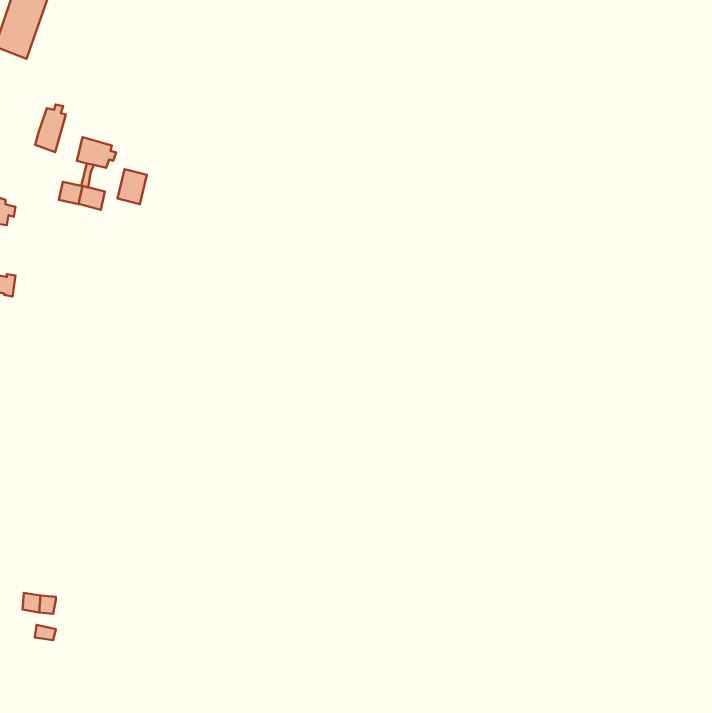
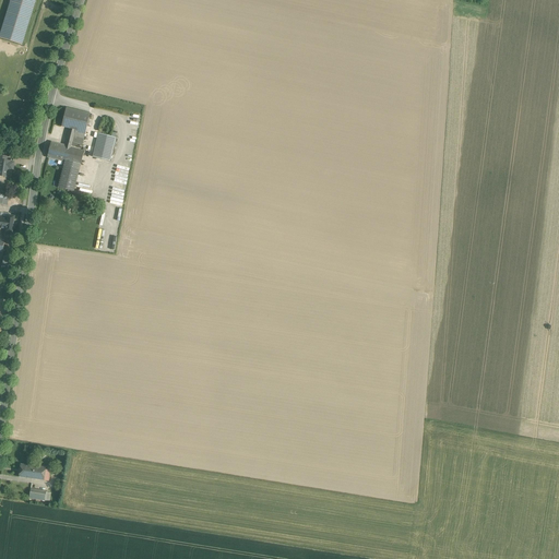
building: [35,104,66,152] -> none
building: none -> [56,159,79,190]

